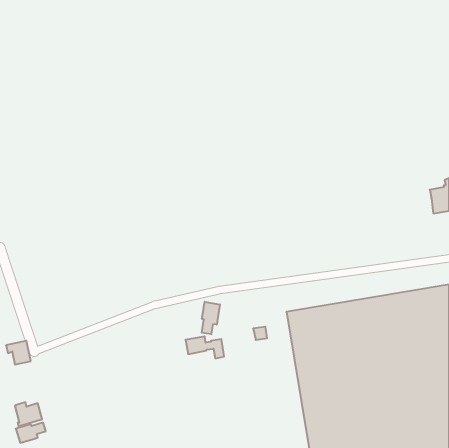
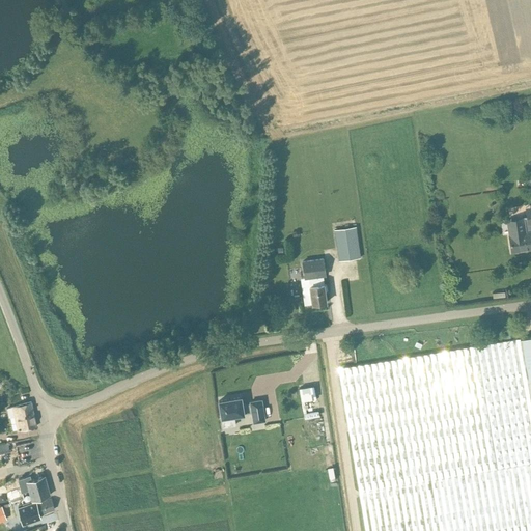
building: none -> [335,228,359,262]
building: none -> [302,259,328,306]
building: [202,302,220,334] -> none

